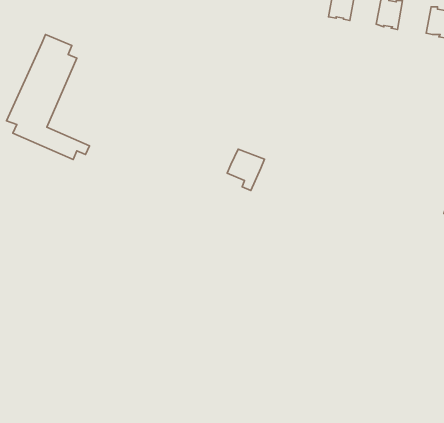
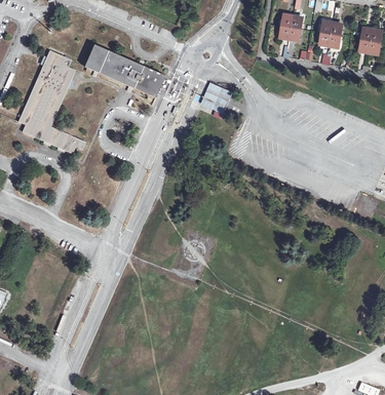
building: none -> [83,44,163,97]
building: [227,149,265,191] -> [200,84,231,118]

